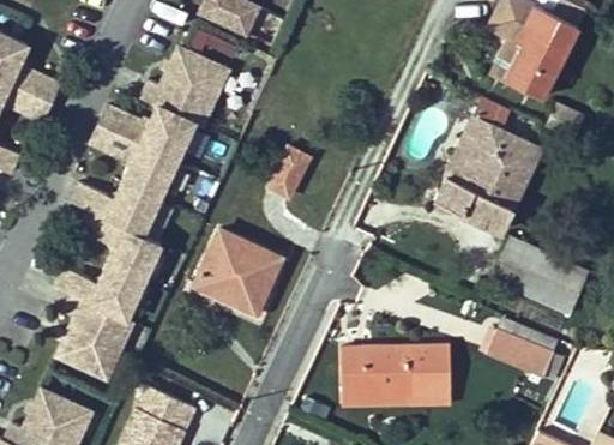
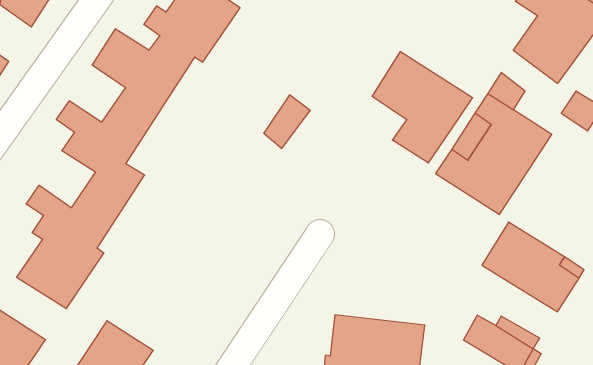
building: none -> [372,51,473,163]
building: [195,231,283,313] -> none

